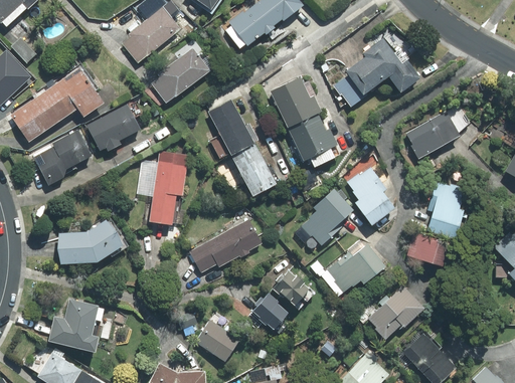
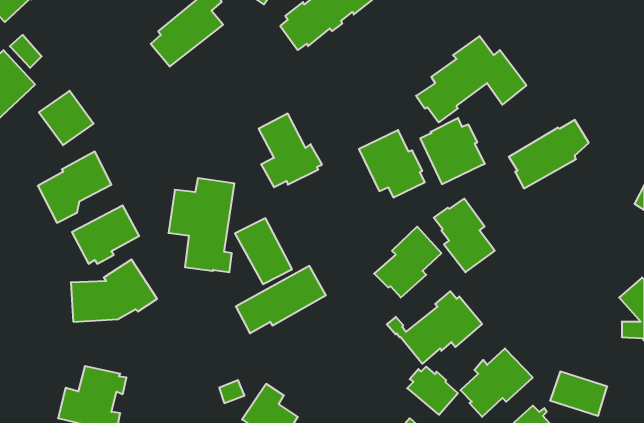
building: [150,38,213,103] -> none
building: [56,63,103,117] -> none
building: [270,75,321,128] -> [420,118,485,184]
building: [10,99,52,142] -> none
building: [87,105,140,151] -> [72,205,139,264]
building: [230,144,276,196] -> [235,218,292,284]
building: [426,180,466,239] -> none
building: [405,232,451,267] -> [550,371,607,416]
building: [273,271,313,310] -> [407,367,458,415]
building: [244,294,288,330] -> none

